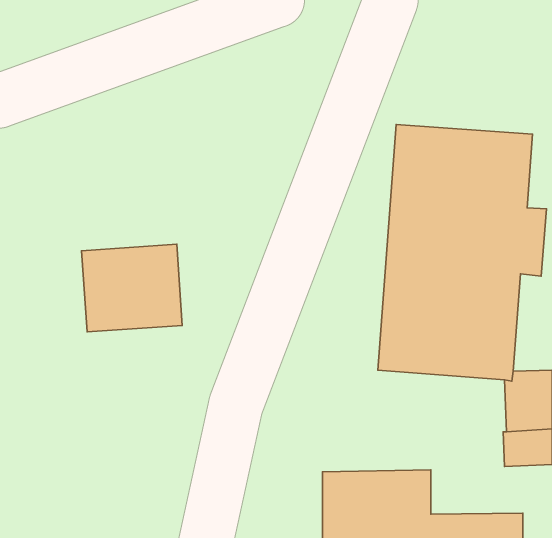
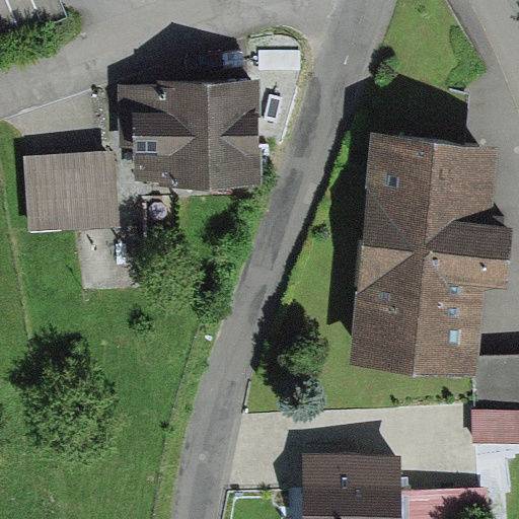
building: none -> [116,78,262,191]
building: [82,244,182,332] -> [24,157,119,239]

